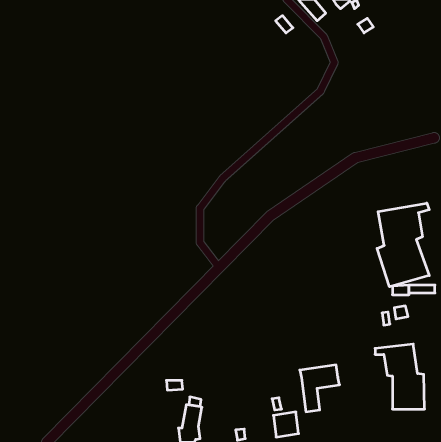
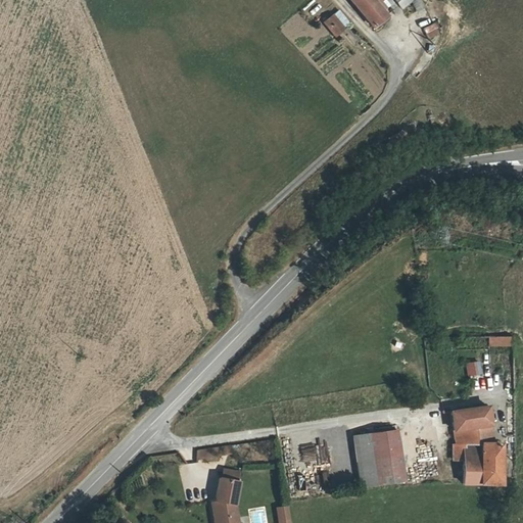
building: [377,203,429,287] -> none
building: [273,412,299,437] -> [376,454,406,483]

